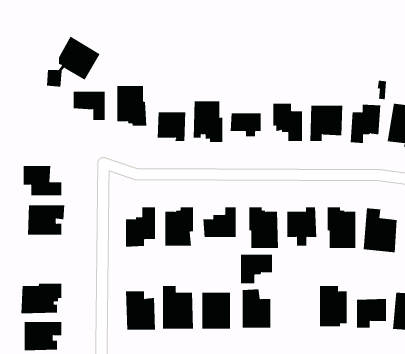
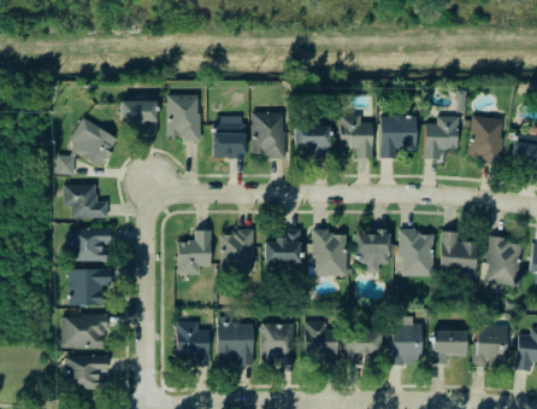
building: [46,36,101,87] -> [57,117,117,174]
building: none -> [70,269,111,304]
building: [240,254,273,284] -> [344,332,380,364]

